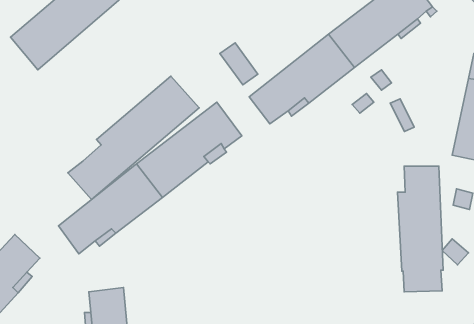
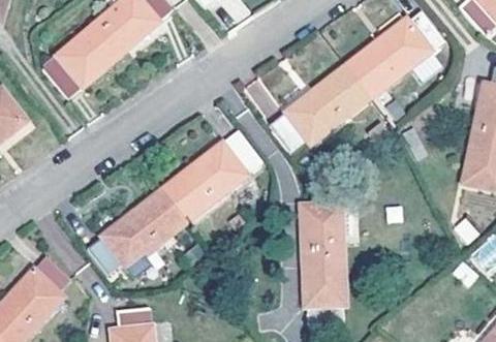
building: [68,76,199,200] -> none
building: [398,166,443,292] -> [302,204,345,323]

